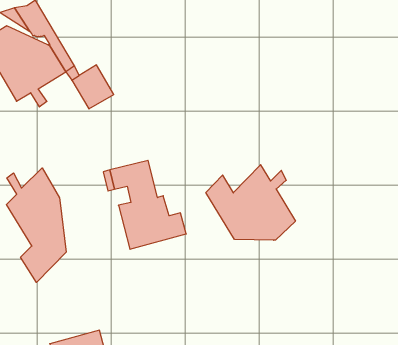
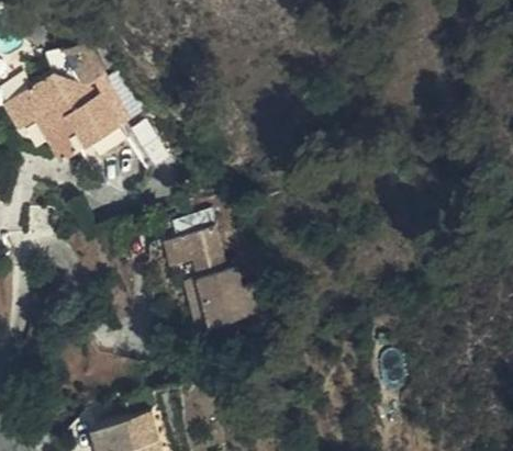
building: [206,165,295,240] -> none
building: [6,168,66,282] -> none

